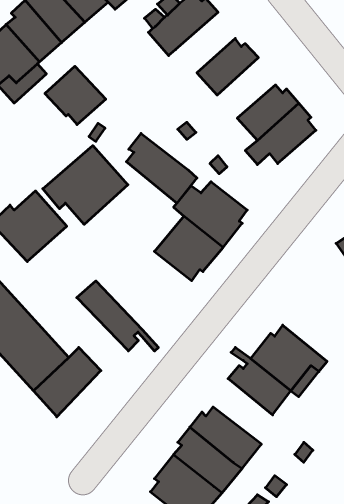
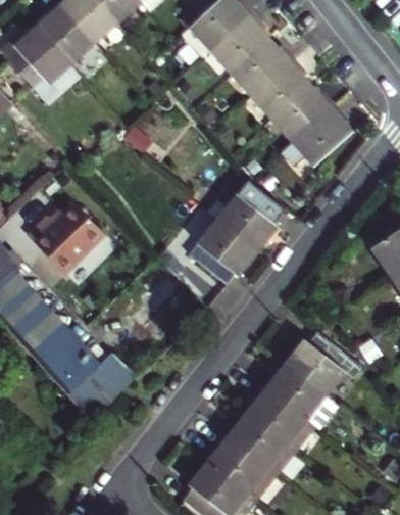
building: none -> [210,13,270,75]
building: none -> [252,59,311,121]
building: [45,66,106,125] -> none
building: [126,133,197,203] -> none
building: [43,146,128,224] -> none
building: [77,281,158,351] -> none
building: none -> [248,384,315,451]

